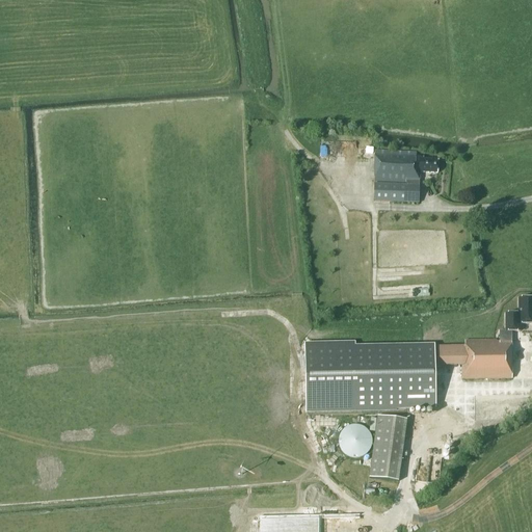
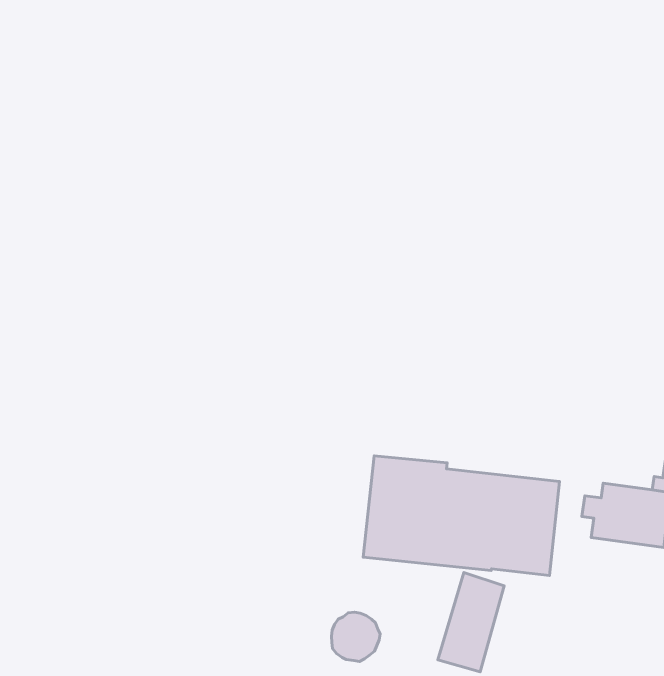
building: [373,148,440,201] -> none
building: [339,422,372,455] -> [331,612,380,661]

